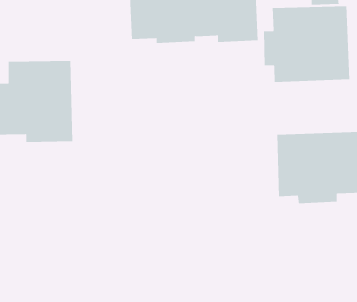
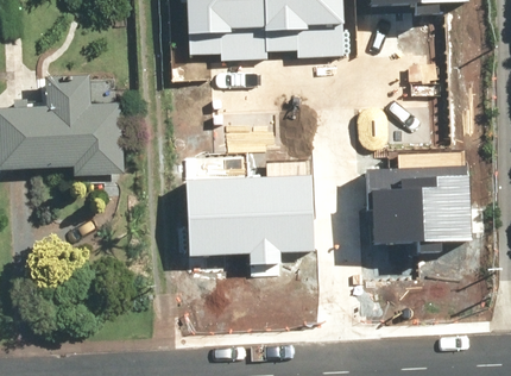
building: [264,5,350,83] -> none
building: none -> [187,175,315,261]

